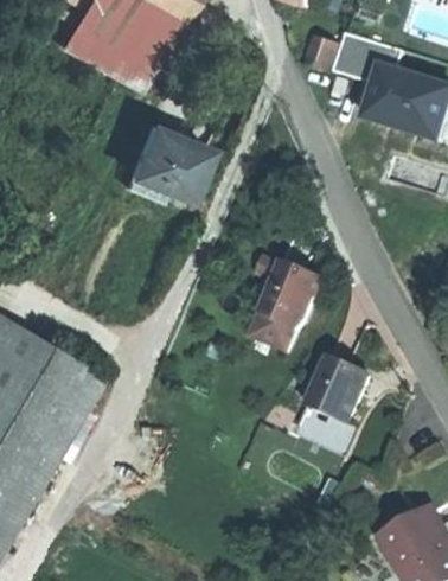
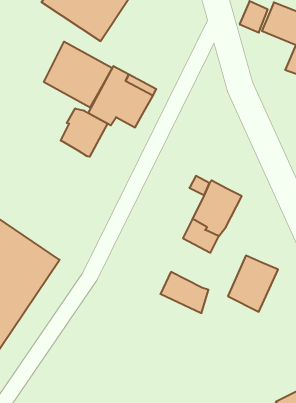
building: none -> [44,42,112,107]
building: none -> [61,108,108,157]
building: [300,407,360,456] -> [160,272,209,313]

